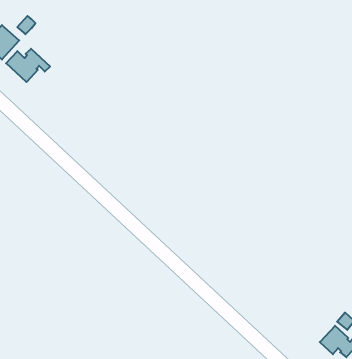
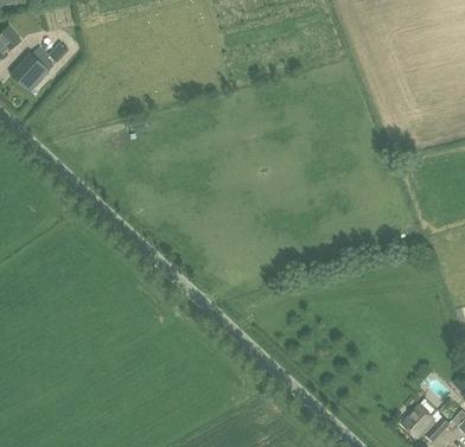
building: [6,49,50,82] -> none

